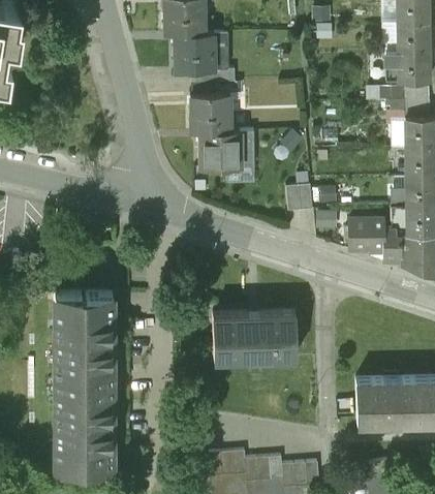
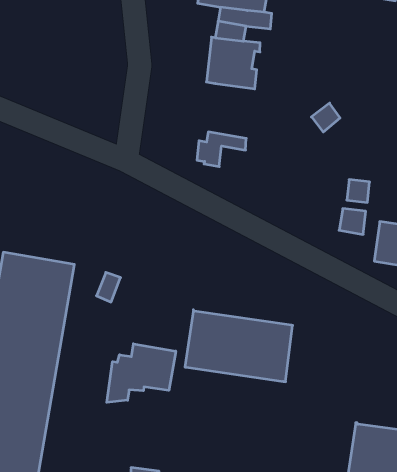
building: [200,130,243,168] -> none
building: [287,184,315,210] -> none
building: none -> [107,344,176,402]

